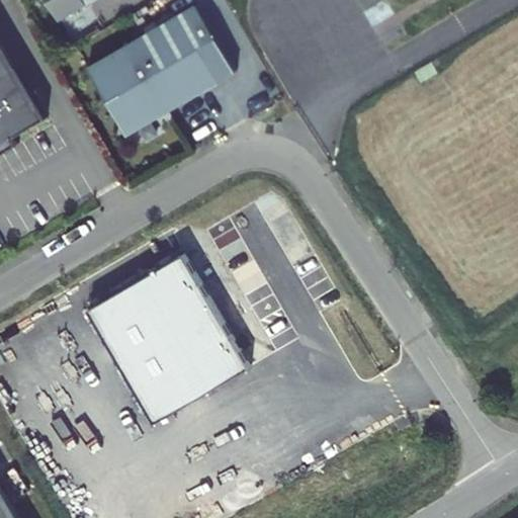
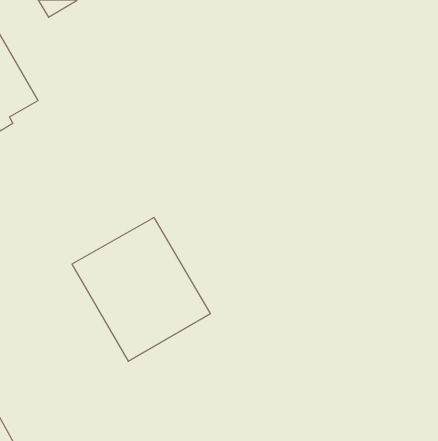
building: [85,6,234,137] -> none

